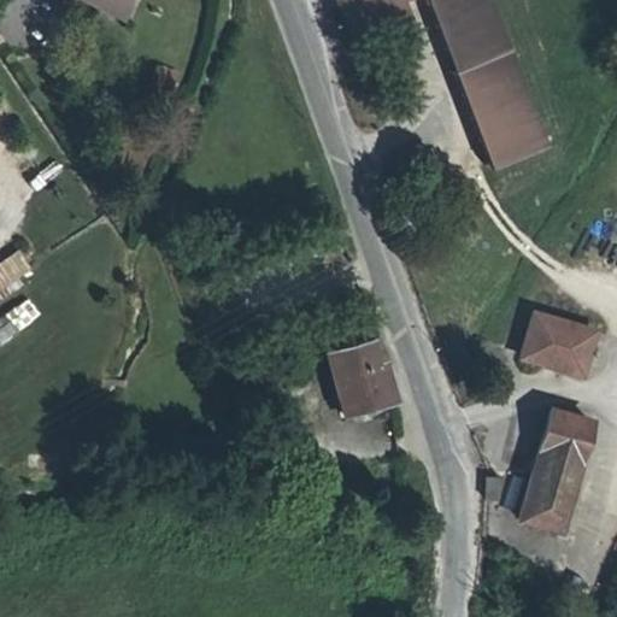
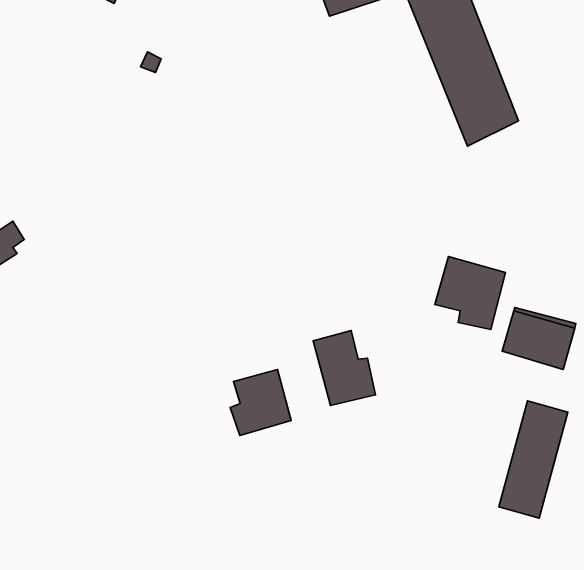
building: none -> [435,256,505,329]
building: none -> [230,370,291,436]

